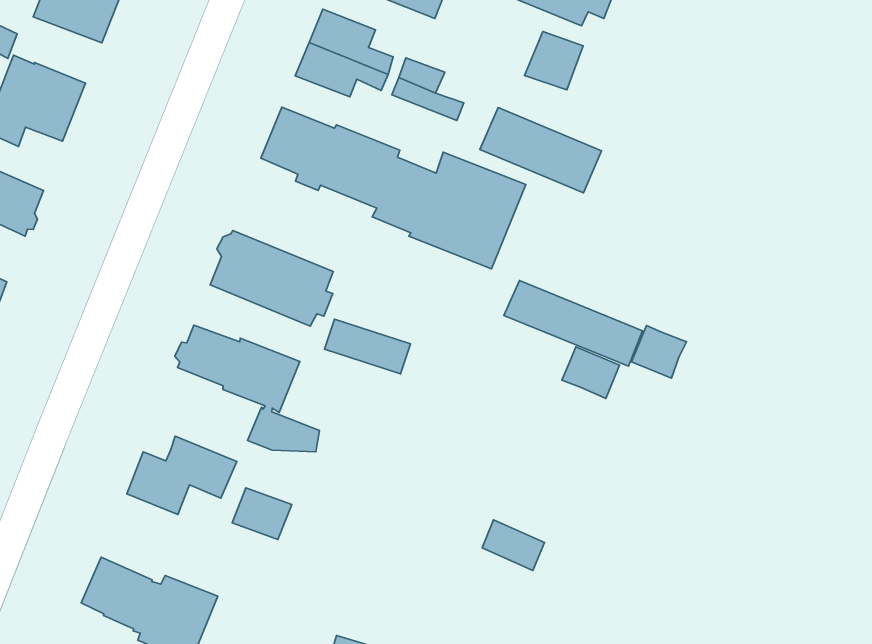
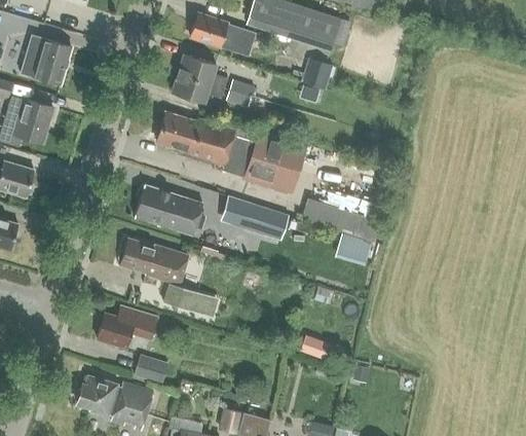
building: [480,107,602,193] -> [220,196,289,241]
building: [632,325,686,378] -> none
building: [232,488,292,540] -> [134,355,166,383]

